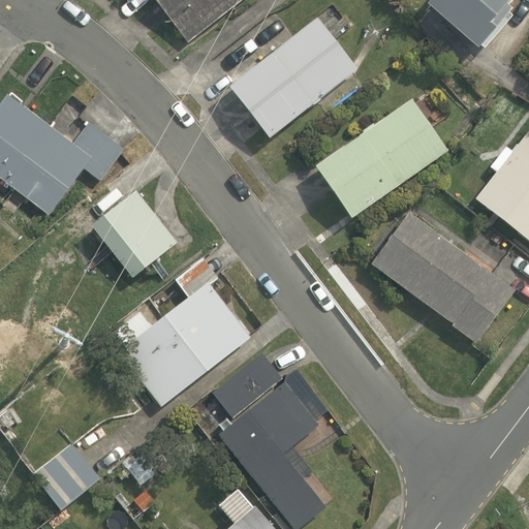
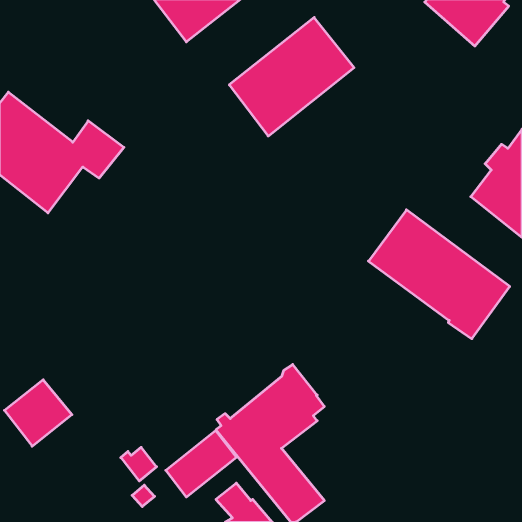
building: [315,98,448,218] -> none
building: [93,189,179,277] -> none
building: [113,257,251,406] -> none
building: [212,351,283,418] -> [166,431,236,497]
building: [33,442,101,509] -> [4,380,72,446]

